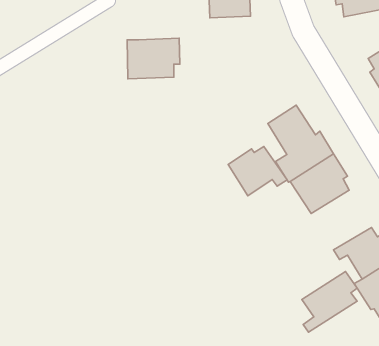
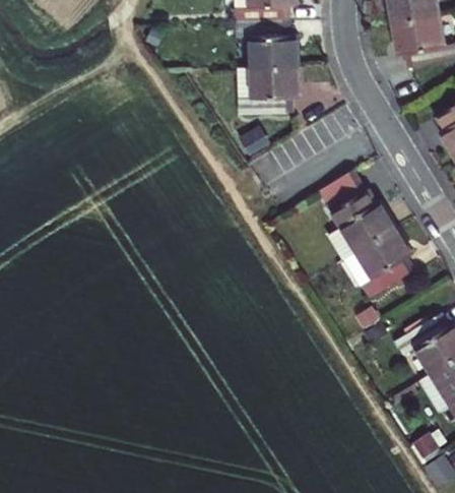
building: [127,38,180,79] -> [238,65,300,113]
building: [228,146,287,196] -> none
building: [302,271,357,332] -> none

